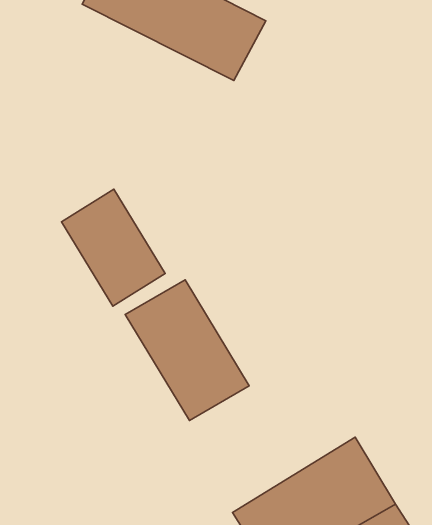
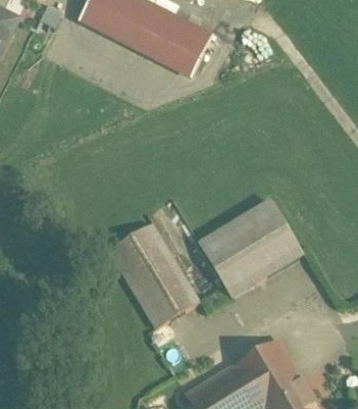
building: [62,189,165,306] -> none
building: none -> [198,200,301,296]

